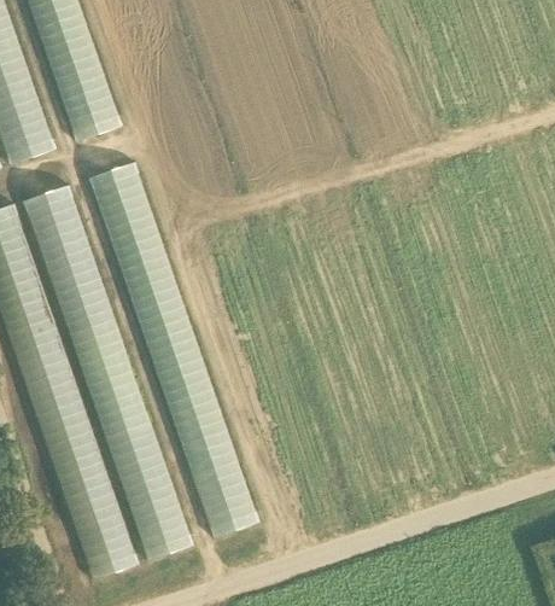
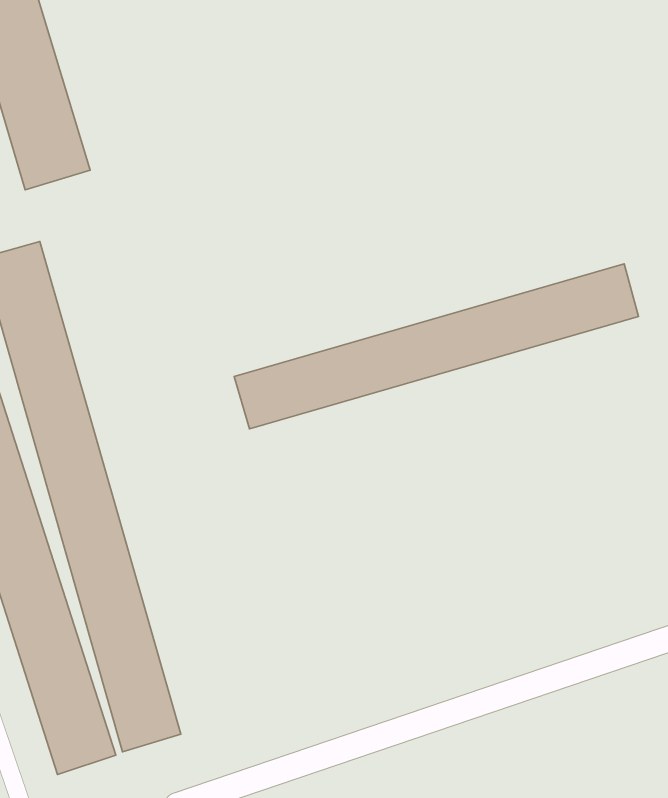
building: [98,158,252,538] -> none
building: none -> [234,264,638,429]

